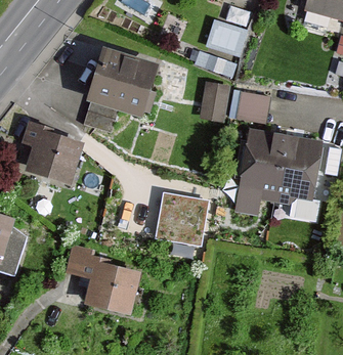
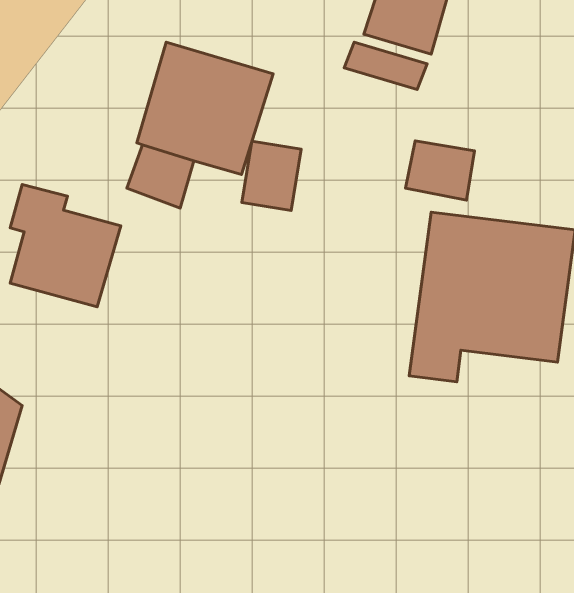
building: [199,84,229,120] -> [242,141,301,210]
building: [160,190,210,240] -> none
building: [67,246,138,315] -> none

